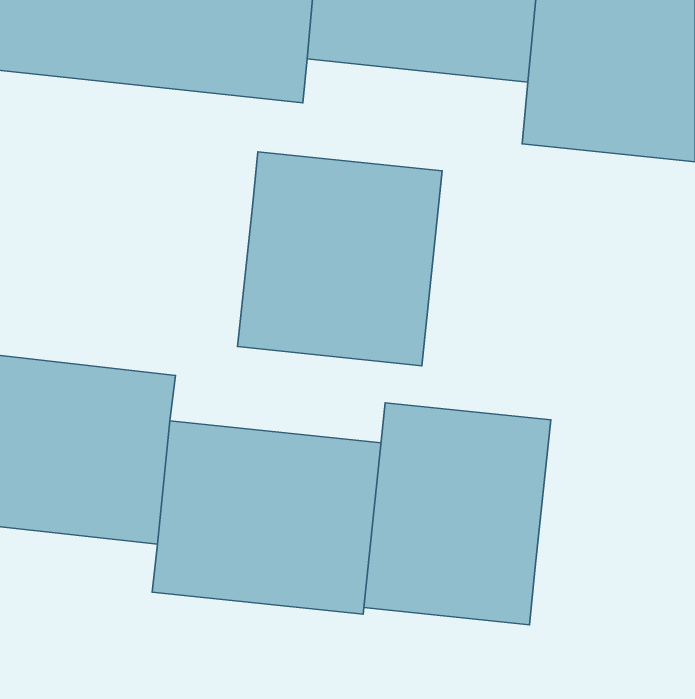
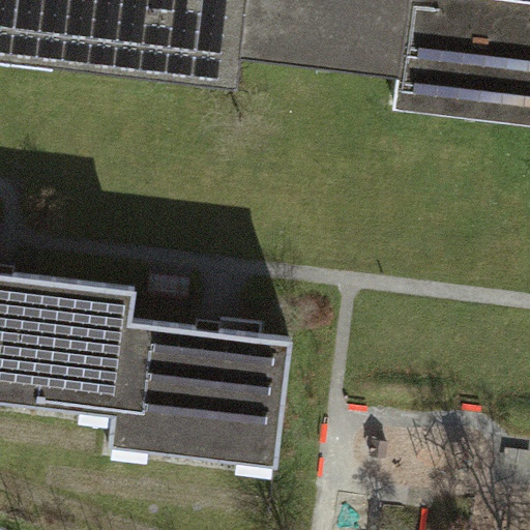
building: [238,152,442,366] -> none
building: [364,403,551,625] -> none

